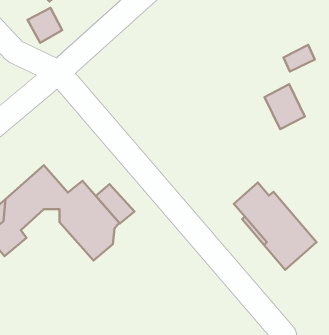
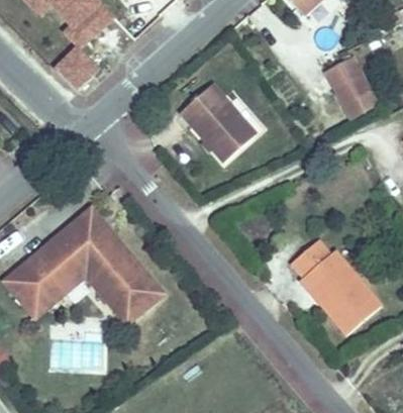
building: none -> [172,83,248,162]
building: [264,84,305,129] -> [325,53,370,102]
building: [96,184,134,224] -> [79,207,121,250]

